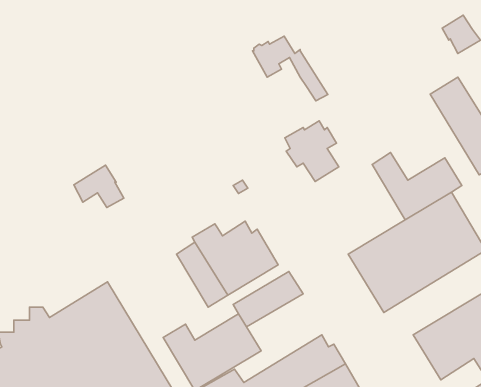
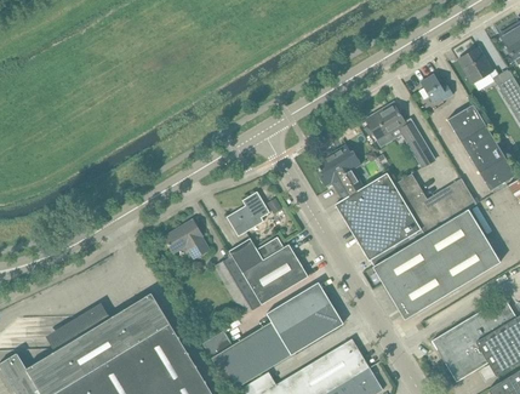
building: [252,36,328,101] -> [366,107,435,166]
building: none -> [418,74,453,103]
building: none -> [335,173,421,261]
building: [74,165,124,207] -> [164,219,210,258]
building: none -> [227,192,269,236]
building: none -> [279,303,343,355]

